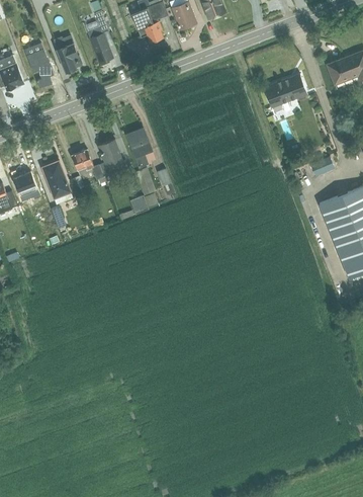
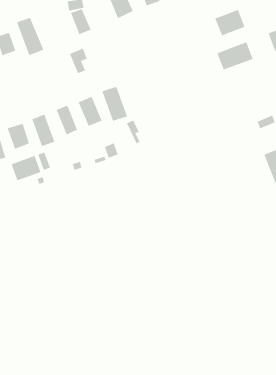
building: none -> [215,9,245,36]
building: [56,40,78,72] -> [69,48,88,74]
building: none -> [11,155,41,181]

